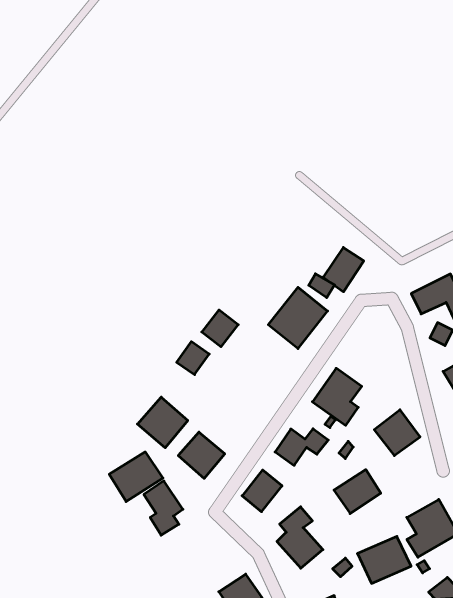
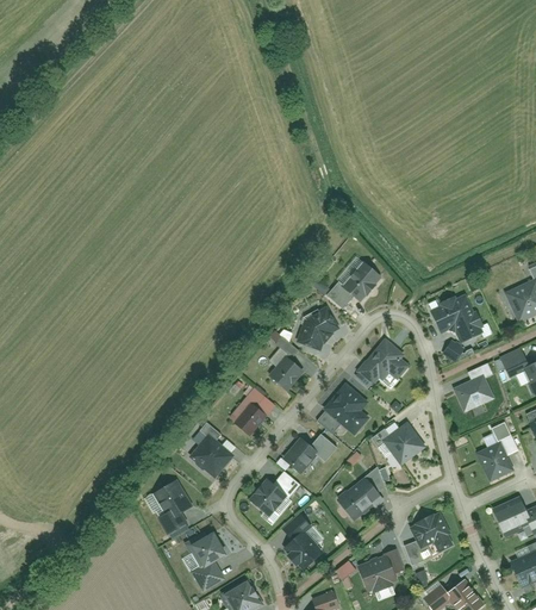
building: [202,310,238,347] -> [274,348,310,384]
building: none -> [356,336,409,384]
building: [177,342,209,375] -> [239,394,272,427]
building: [137,397,188,448] -> none
building: [109,452,163,502] -> none
building: none -> [187,521,229,580]

